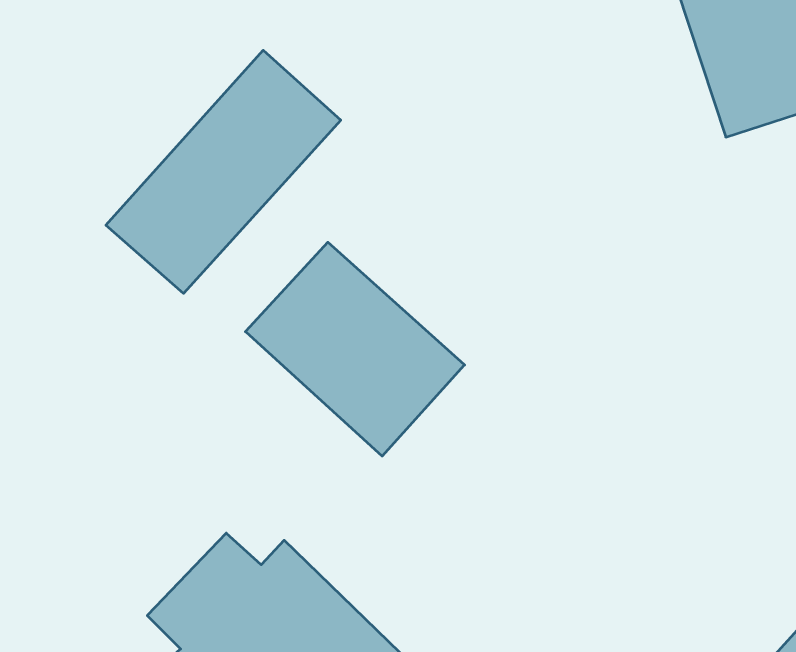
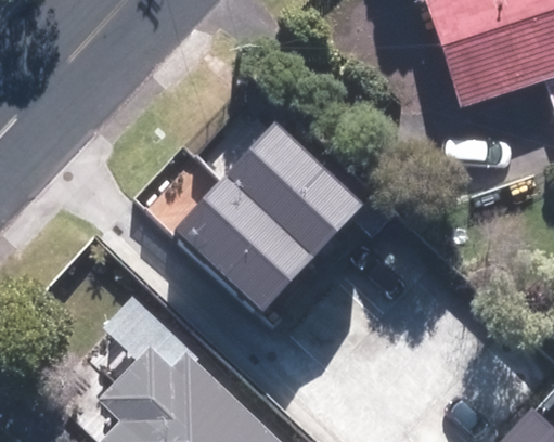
building: [106,50,341,293] -> none
building: none -> [226,124,361,256]

